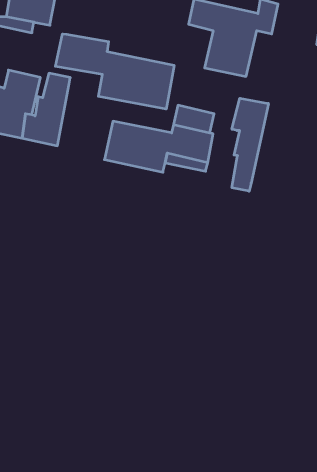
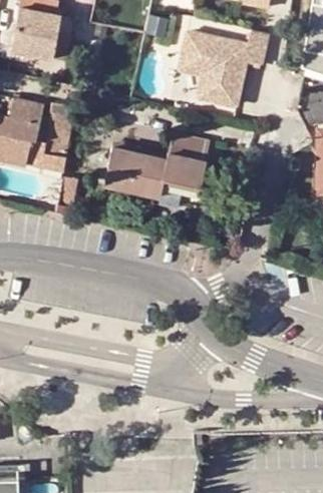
building: [55,34,174,109] -> none
building: [232,98,268,191] -> none

